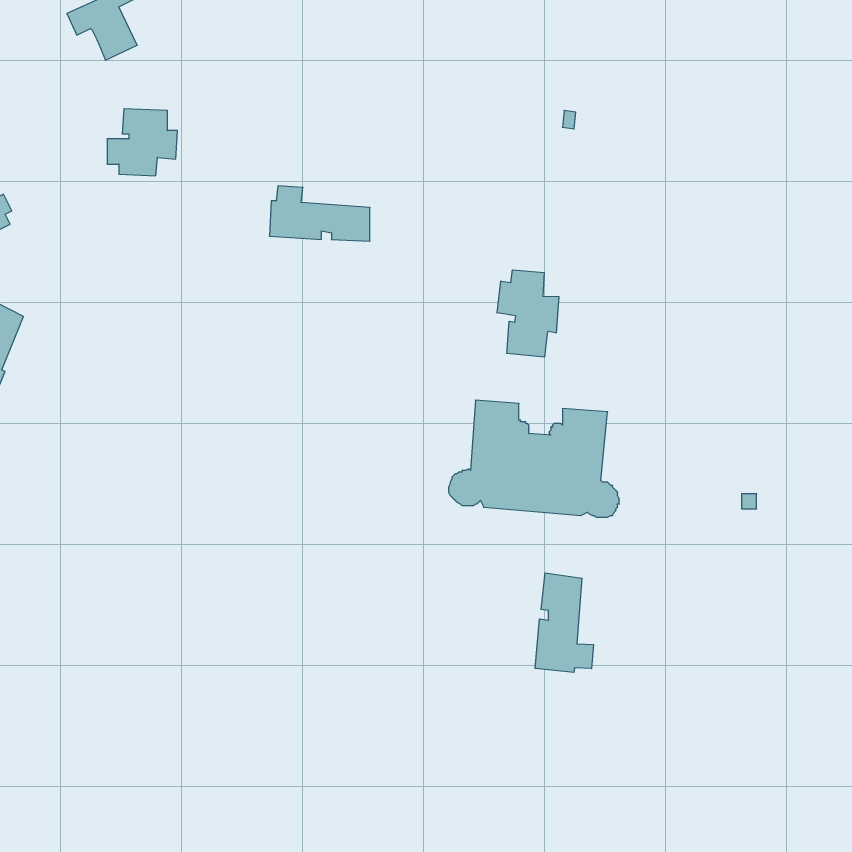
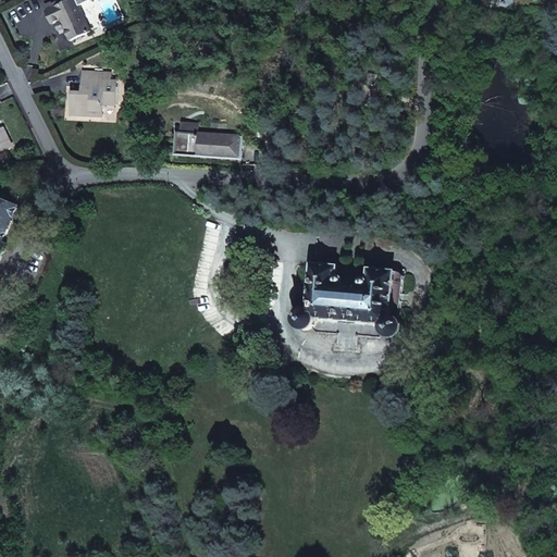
building: [497,270,559,357] -> none
building: [535,573,593,672] -> none

